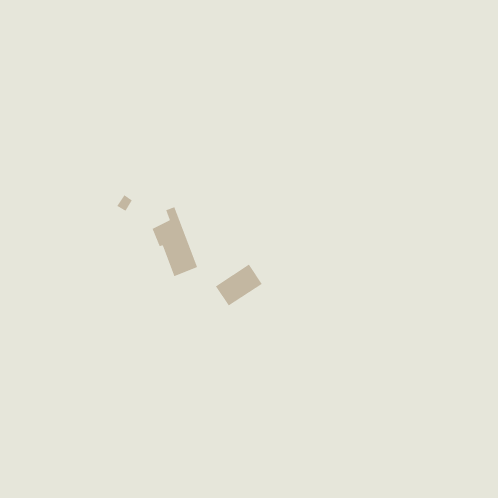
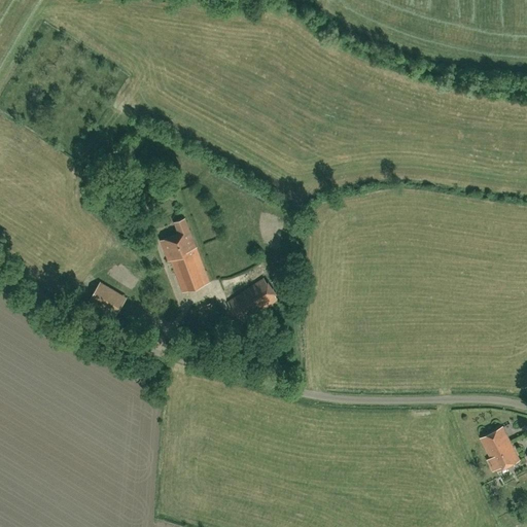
building: none -> [84,281,122,315]
building: none -> [480,428,519,472]

